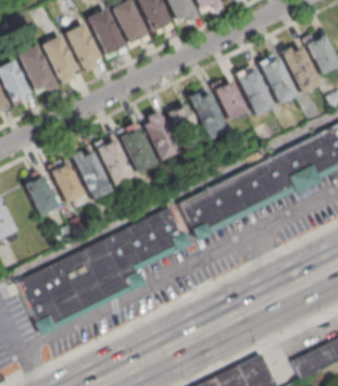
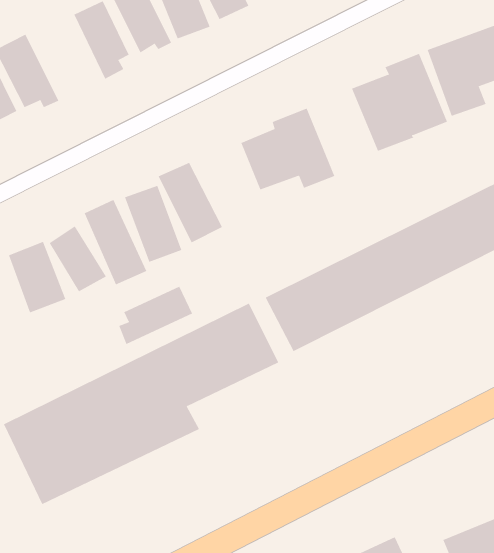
building: [42,33,77,82] -> none
building: [214,78,249,120] -> none
building: [141,110,181,161] -> none
building: none -> [118,286,193,345]

